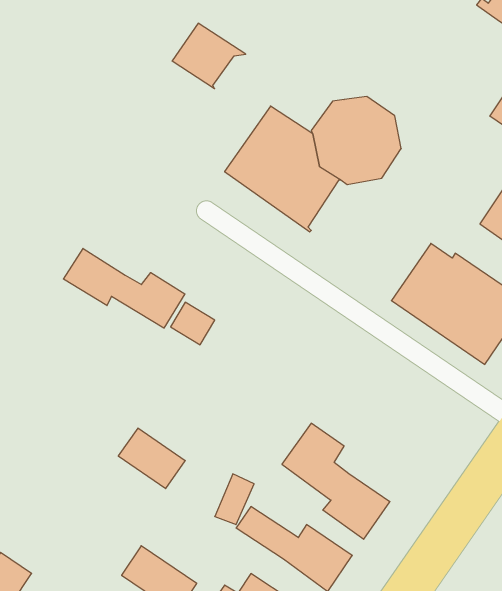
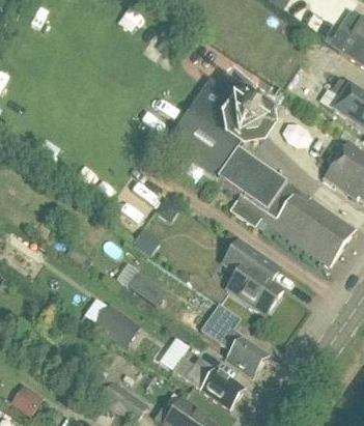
building: [172,23,246,89] -> [193,78,240,119]
building: none -> [217,148,295,225]
building: [63,248,185,328] -> none
building: none -> [222,239,283,314]
building: none -> [125,267,166,304]

